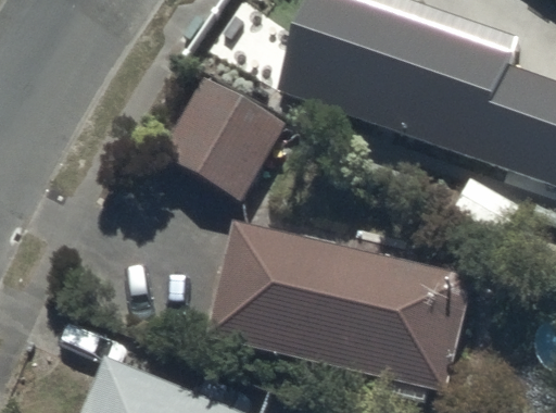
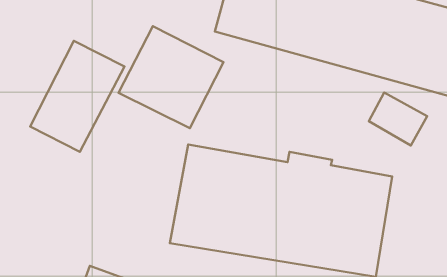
building: none -> [30,41,124,152]

